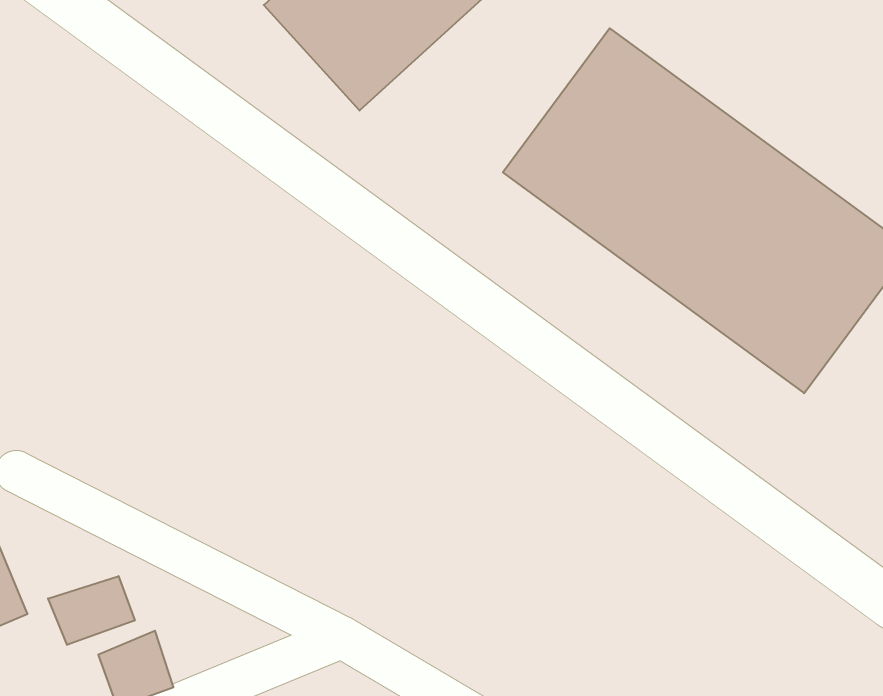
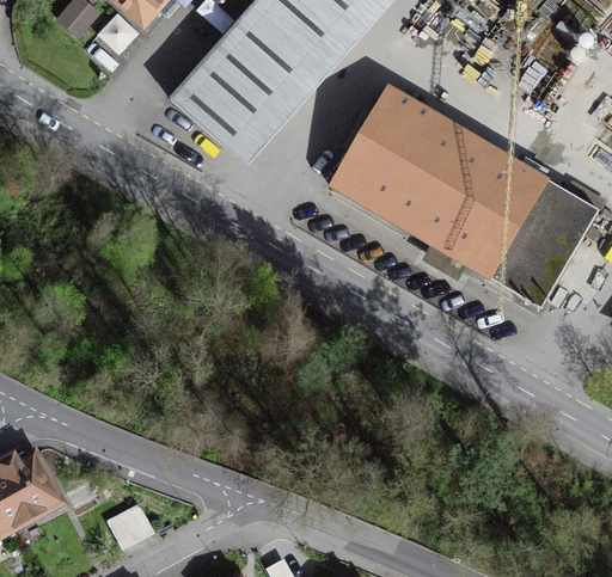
building: [48,576,135,645] -> none

